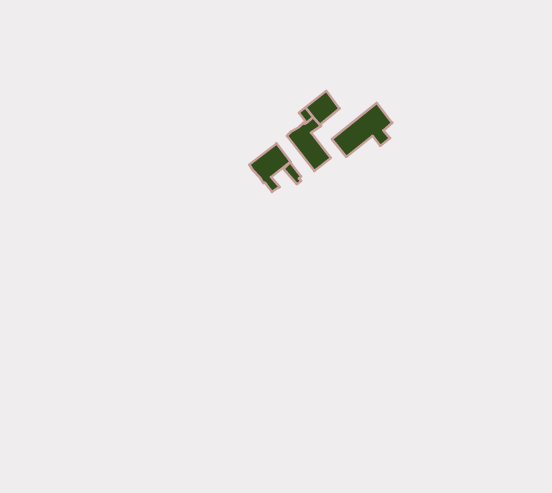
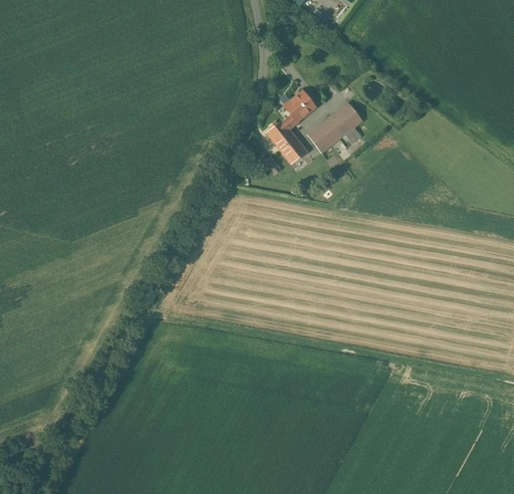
building: [249,143,291,192] -> none

